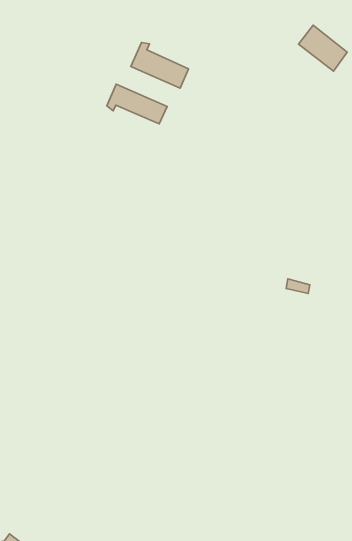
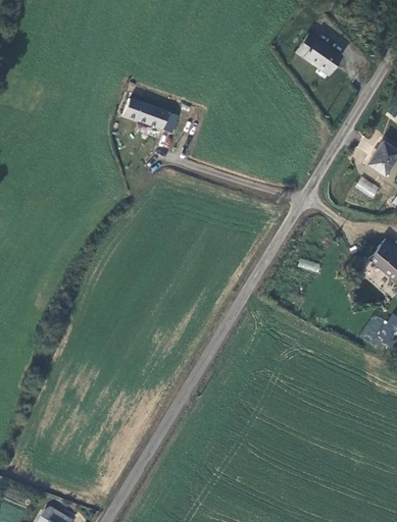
building: [131,43,188,88] -> none

